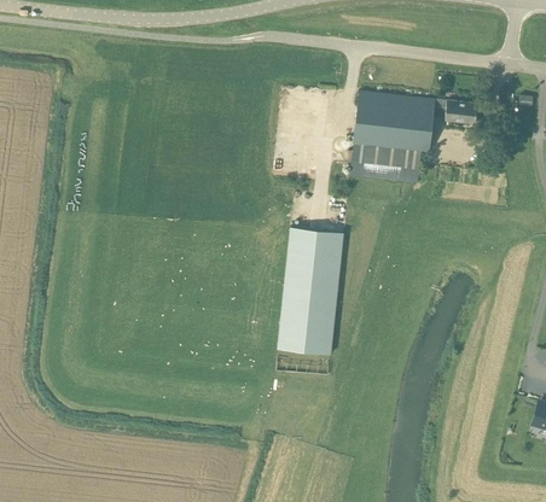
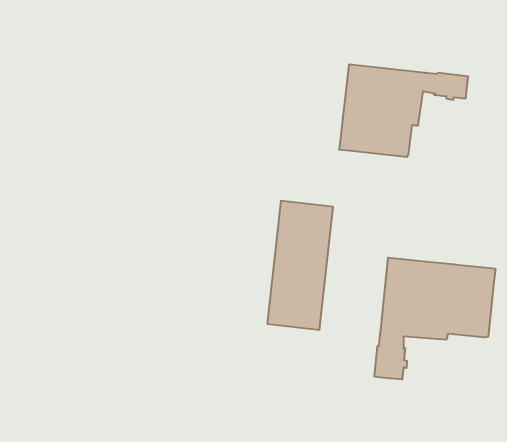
building: none -> [375,258,495,380]

